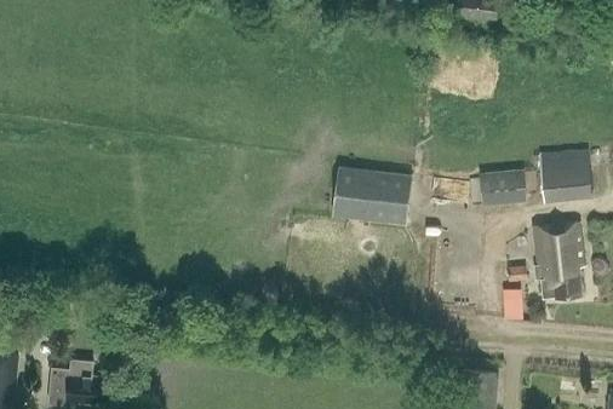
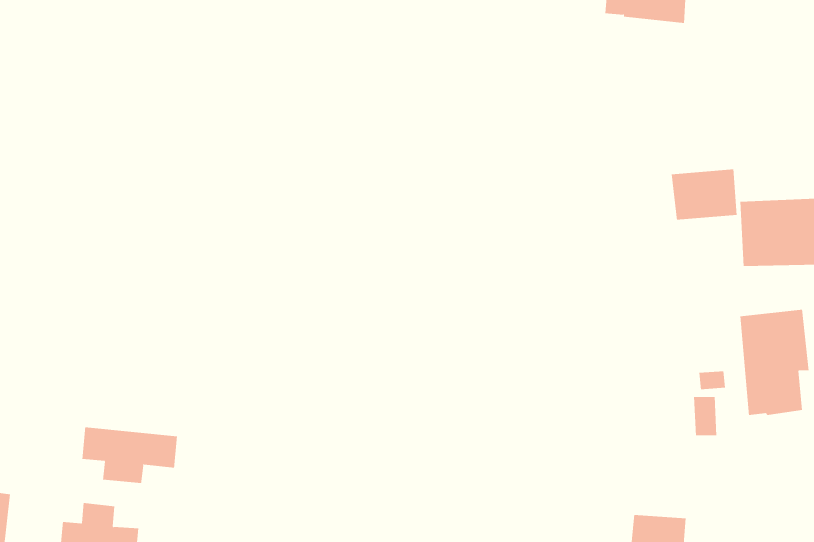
building: [332,167,411,225] -> none
building: [479,171,526,207] -> [671,169,738,220]
building: none -> [82,427,178,484]

